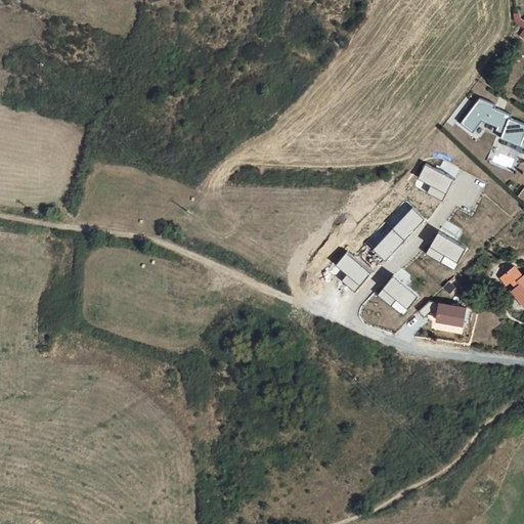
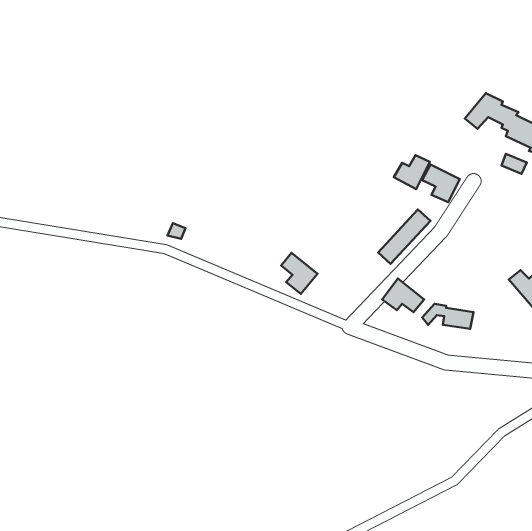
building: none -> [394,155,430,189]
building: [425,233,465,264] -> none
building: [335,254,370,294] -> [281,253,318,294]

